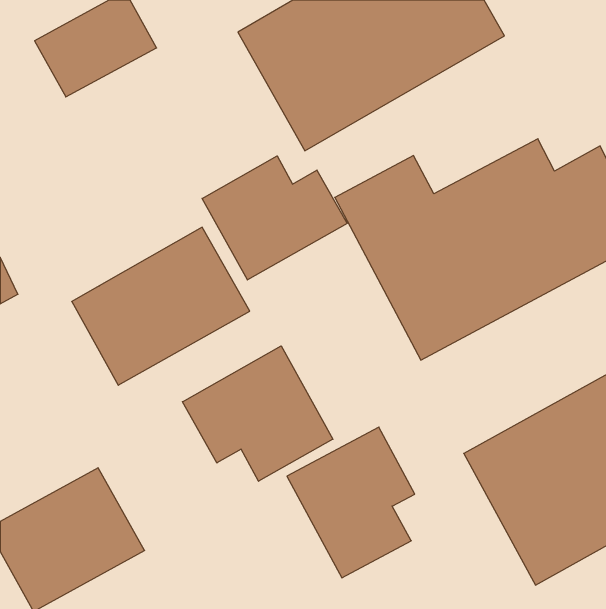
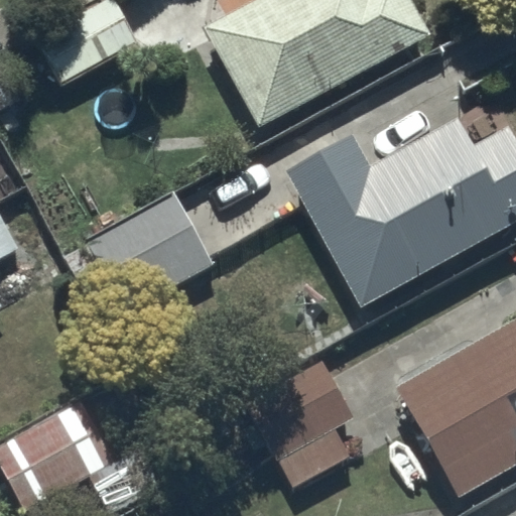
building: [202,156,347,280] -> none
building: [182,346,333,481] -> none

